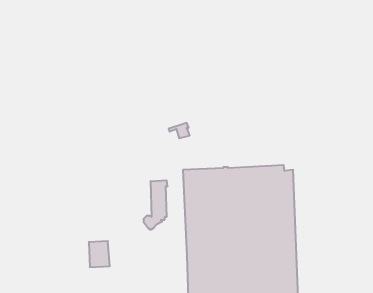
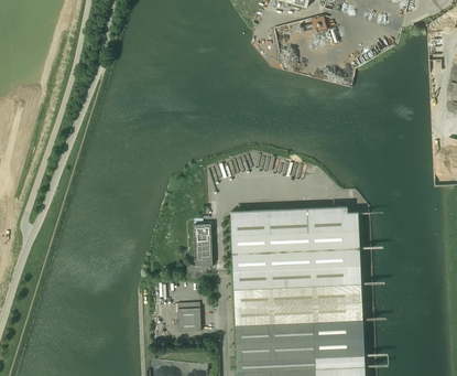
building: [89,241,110,267] -> [177,302,202,332]

